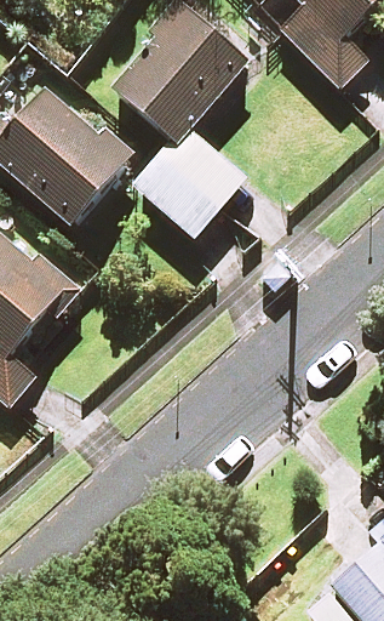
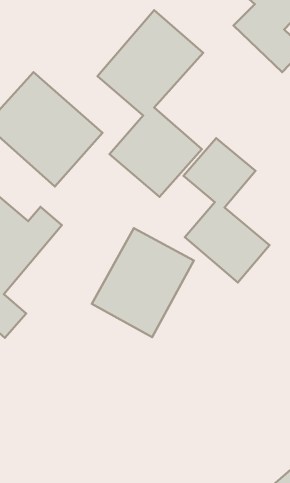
building: none -> [184,138,270,283]
building: none -> [92,228,194,337]

